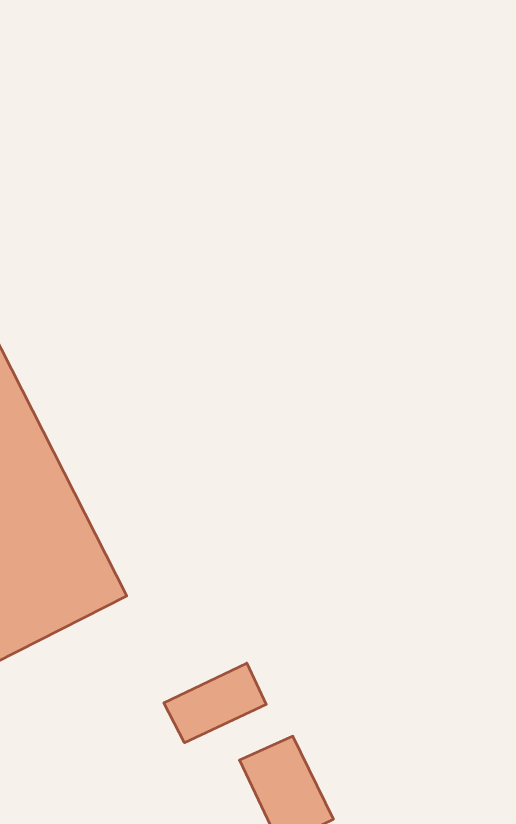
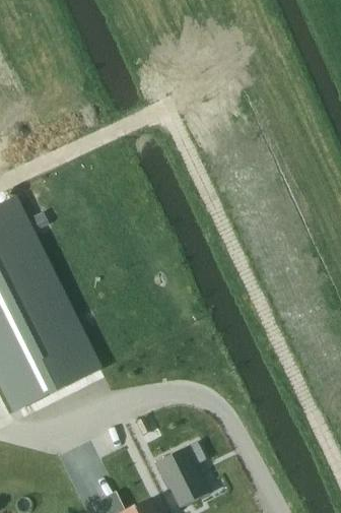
building: [164,663,266,743] -> none

